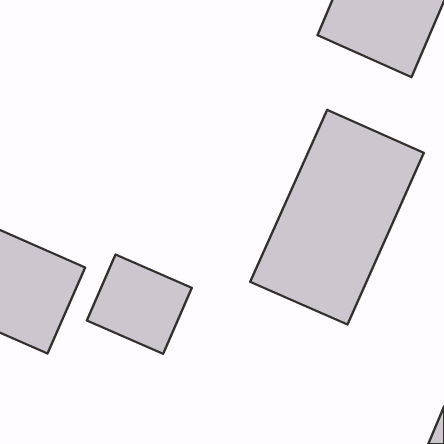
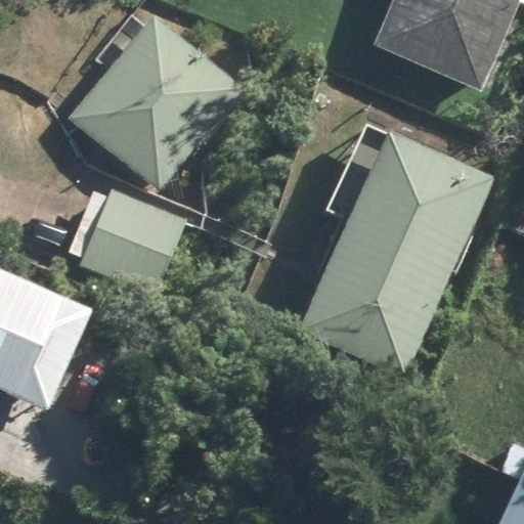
building: none -> [64,13,239,190]
building: [87,255,192,354] -> [72,181,194,297]

